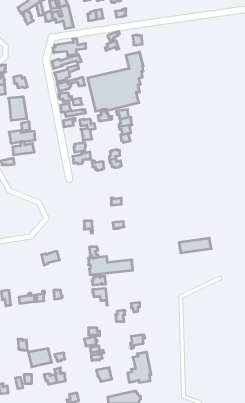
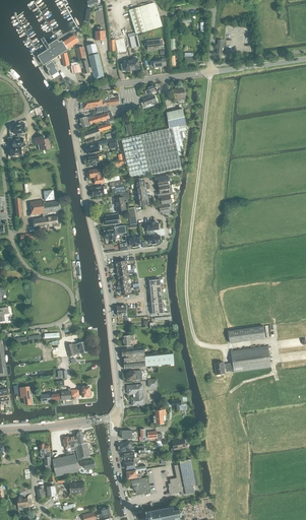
building: [8,97,27,120] -> none
building: none -> [213,345,270,374]
building: none -> [63,431,89,458]

